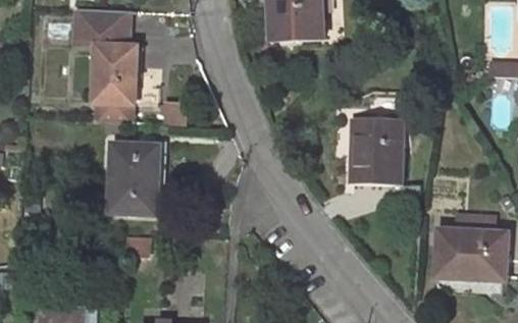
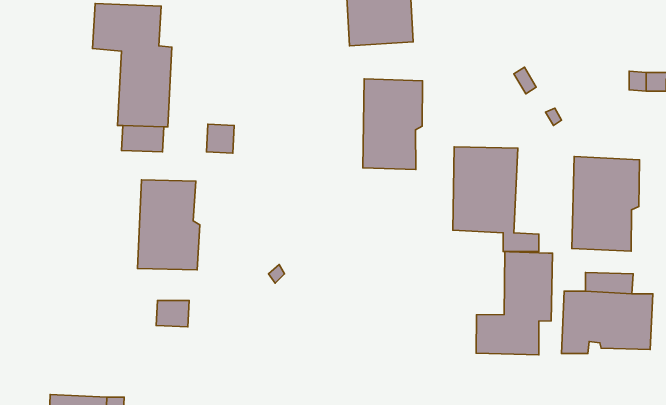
building: none -> [363,79,422,170]
building: none -> [572,157,640,251]
building: none -> [476,251,552,355]

